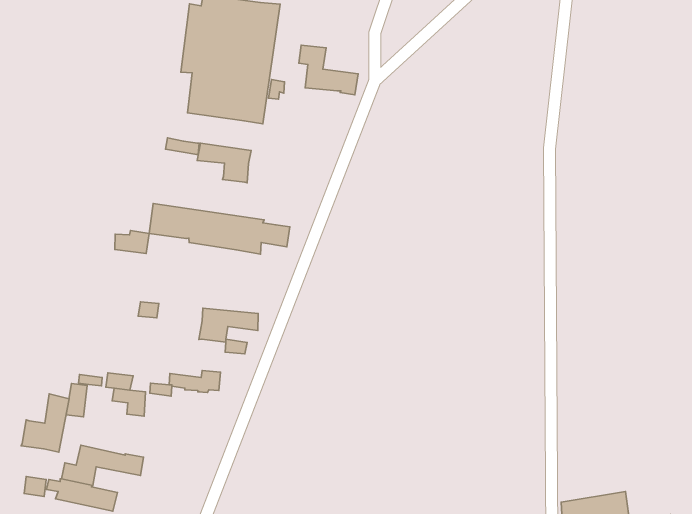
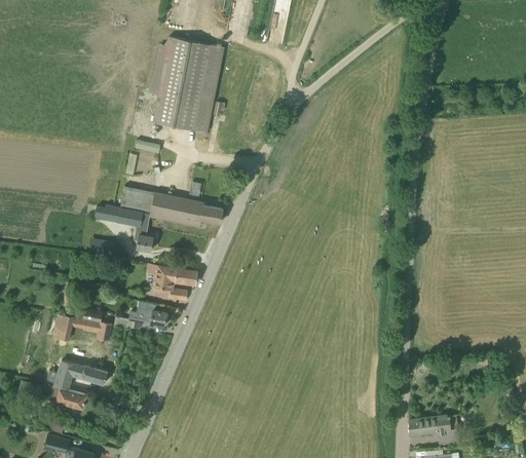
building: [299,45,358,95] -> none
building: [197,143,251,183] -> none
building: none -> [117,208,153,252]
building: [21,394,69,452] -> none

